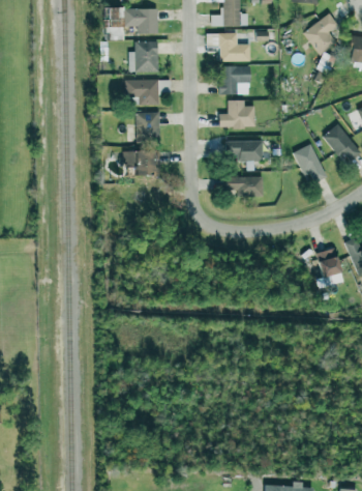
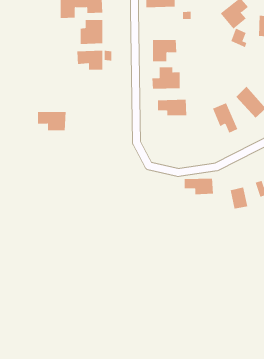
building: [206,33,250,62] -> none
building: [135,112,160,143] -> none
building: [123,151,159,175] -> [37,112,66,131]
building: [225,177,263,198] -> [184,178,214,195]

